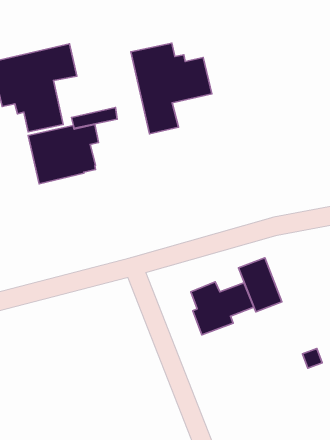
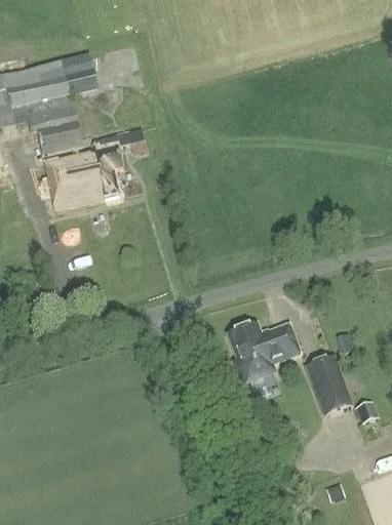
building: [131,43,212,134] -> none
building: [239,258,282,312] -> [304,354,353,415]

